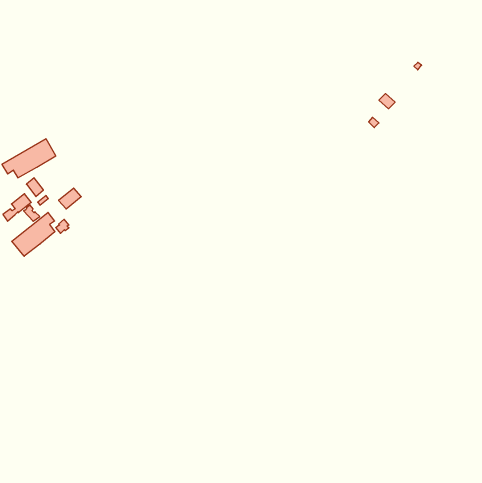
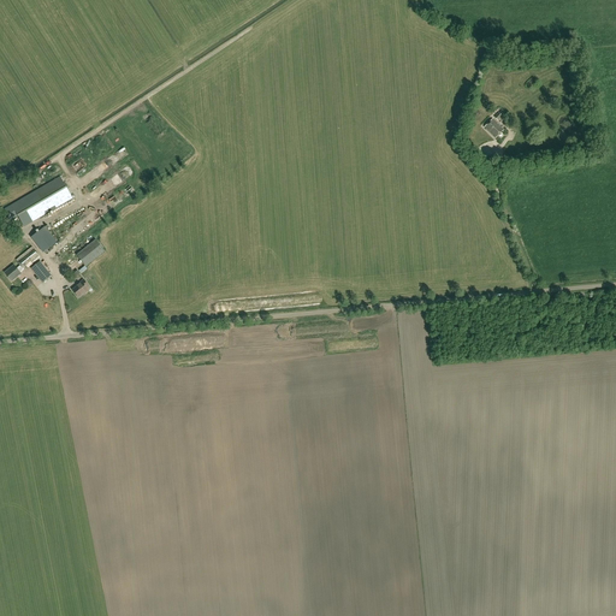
building: [12,212,55,256] -> none

